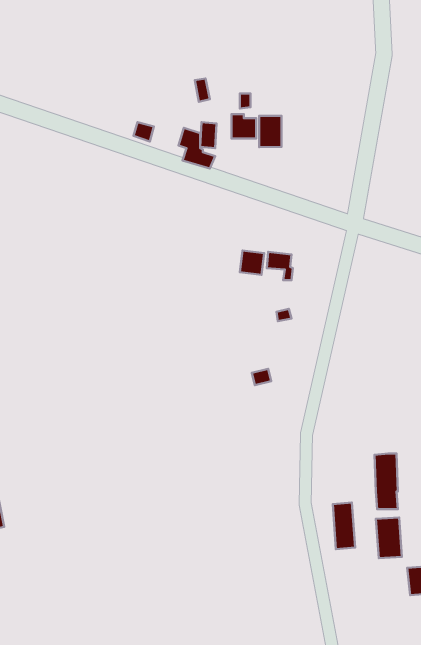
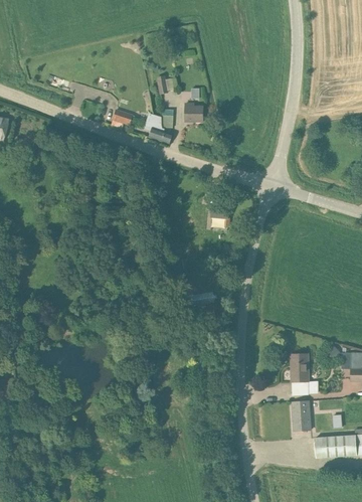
building: [259,116,281,147] -> none
building: [333,503,355,549] -> none

